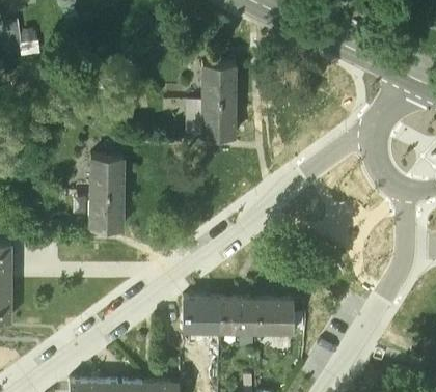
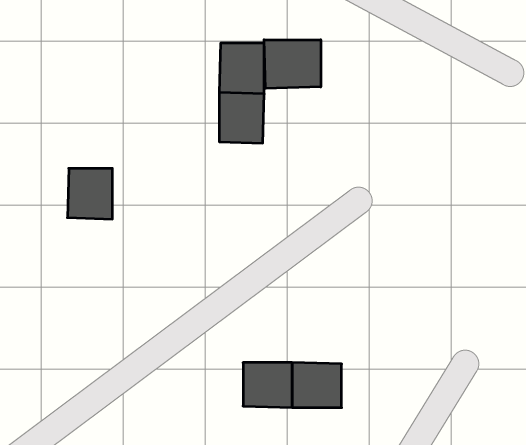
building: none -> [264,40,321,88]
building: [90,193,124,230] -> none
building: [184,300,220,332] -> none

